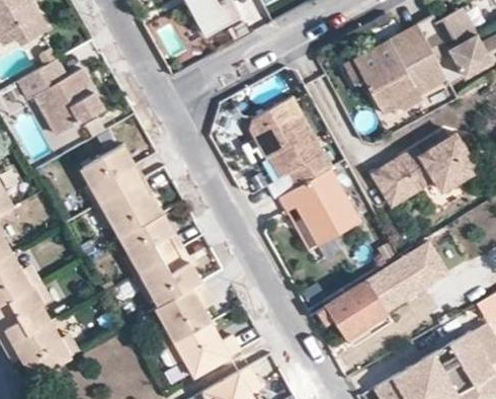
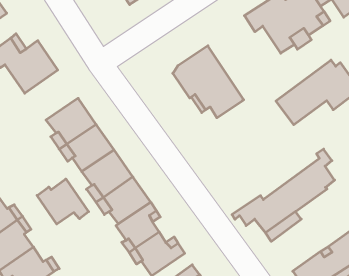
building: [276,169,358,248] -> none
building: none -> [37,179,89,224]

